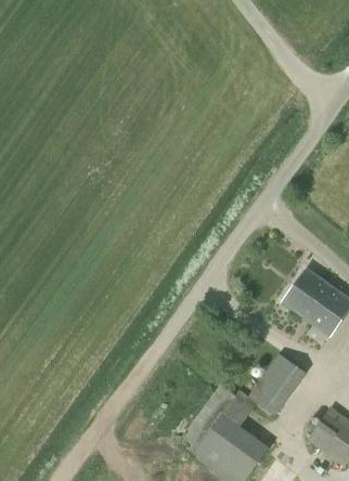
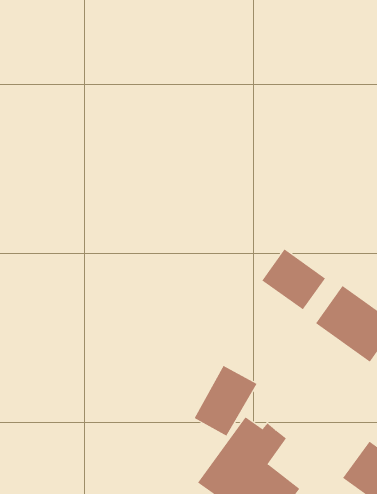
building: none -> [261,249,326,310]
building: [255,349,311,412] -> [194,365,258,436]

